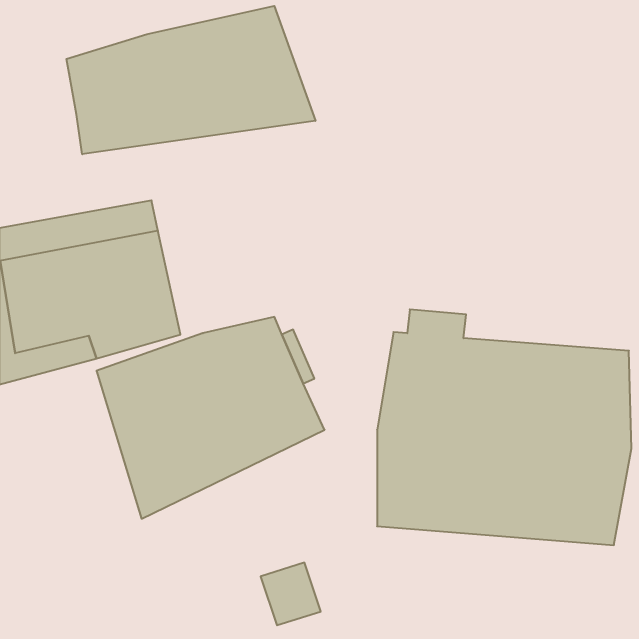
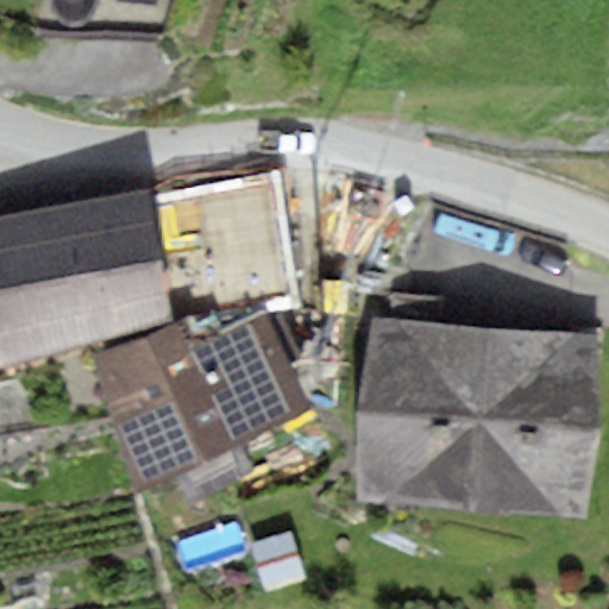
building: [66,6,315,154] -> none
building: none -> [150,181,295,316]

